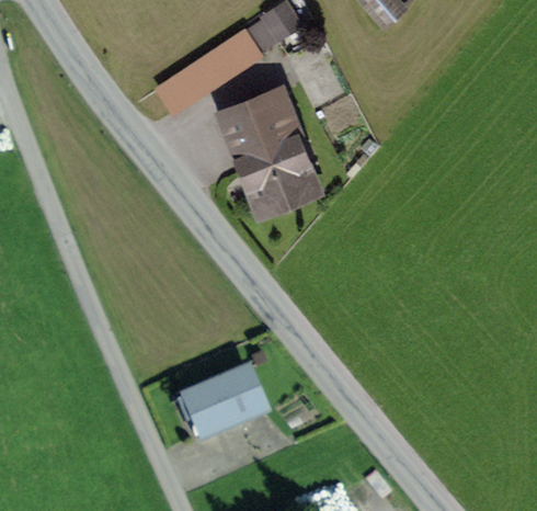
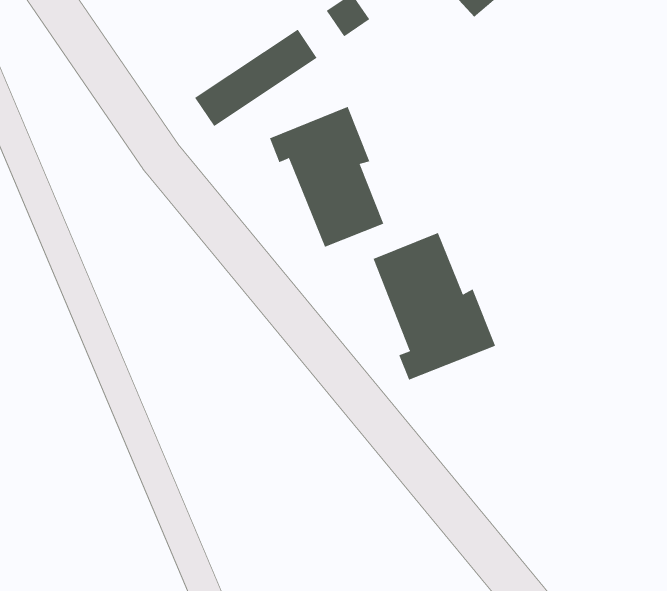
building: none -> [373,232,496,380]
building: [187,366,266,434] -> none

